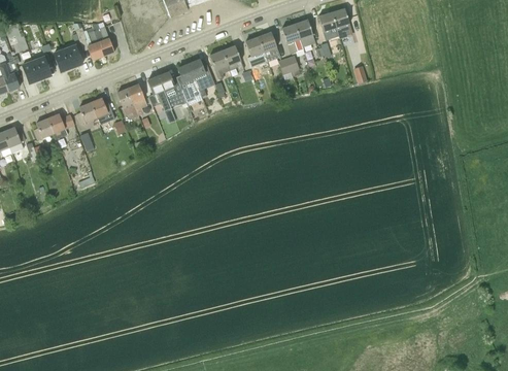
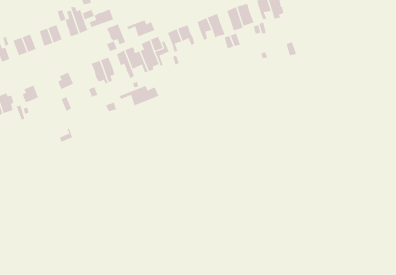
building: none -> [82,8,114,28]
building: none -> [126,19,155,37]
building: none -> [106,23,126,52]
building: [90,98,114,126] -> none
building: [47,114,74,139] -> none
building: none -> [119,85,159,106]

